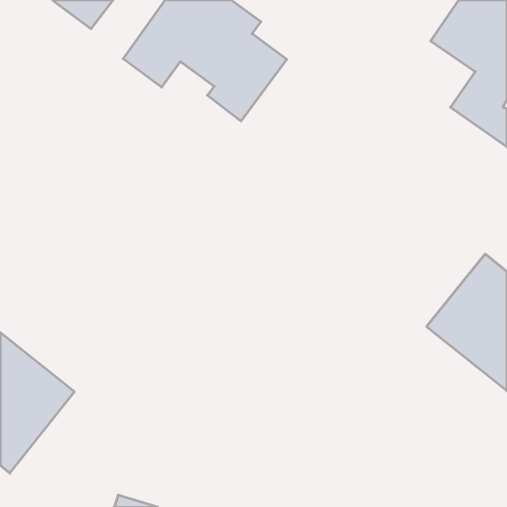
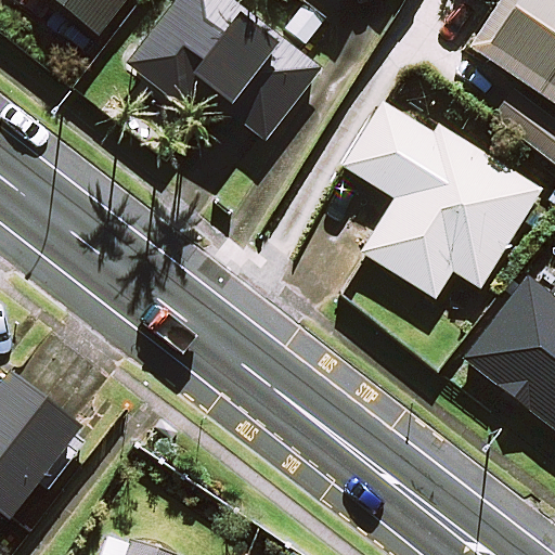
building: none -> [346,105,539,296]

